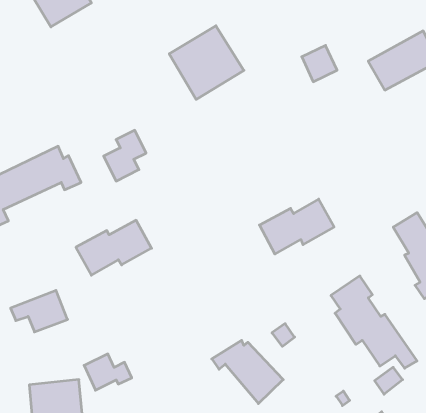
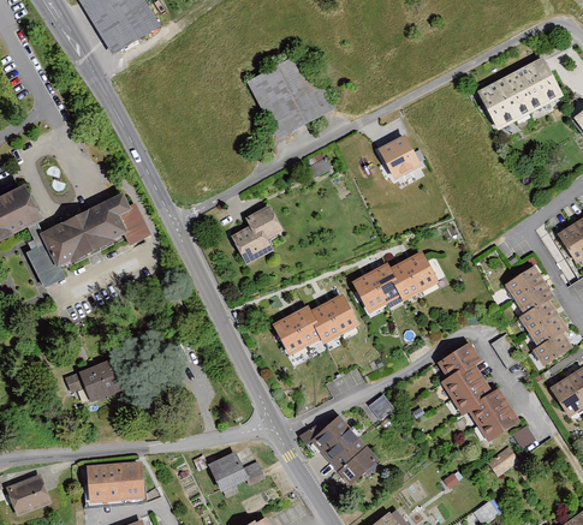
building: [302,45,337,82] -> [379,131,420,173]
building: [104,130,146,181] -> [232,204,281,263]
building: [76,220,152,275] -> [272,294,359,358]
building: [84,354,132,390] -> [208,452,263,494]

